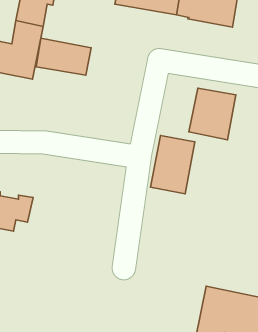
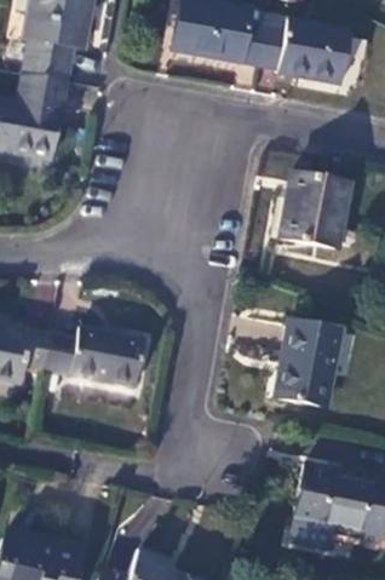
building: [36,38,91,75] -> none
building: [151,135,195,194] -> [275,321,340,407]
building: none -> [42,328,145,387]

